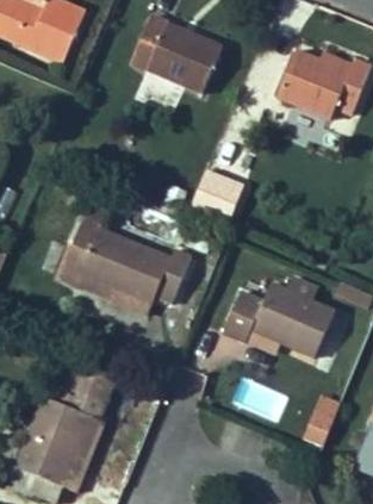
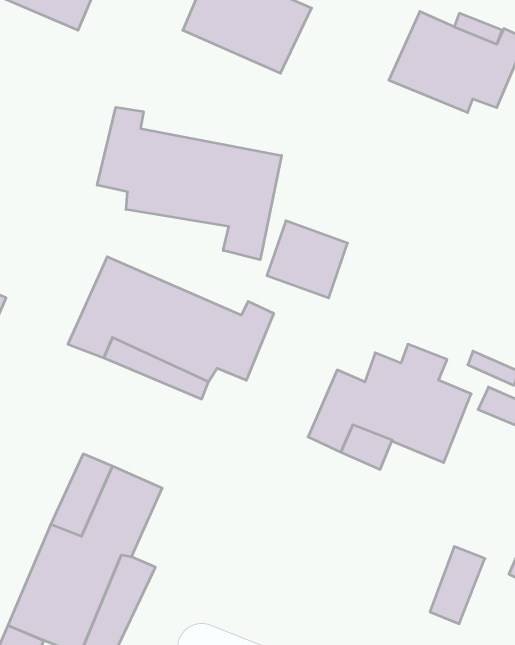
building: none -> [97,107,282,260]

